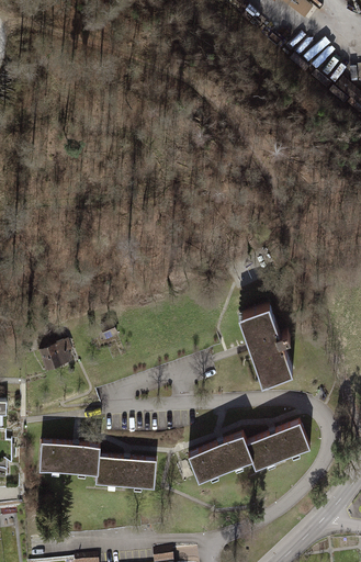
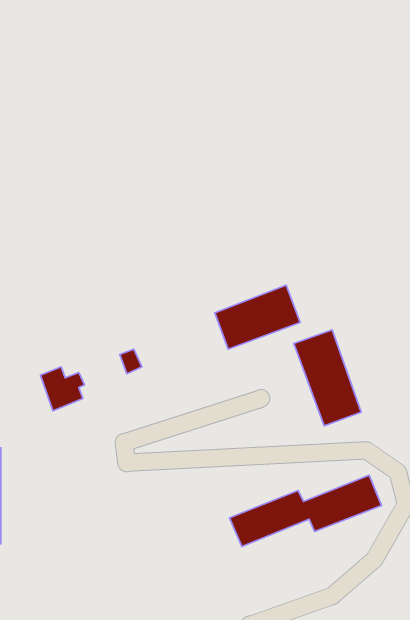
building: none -> [215,285,300,349]
building: [45,446,156,490] -> none

